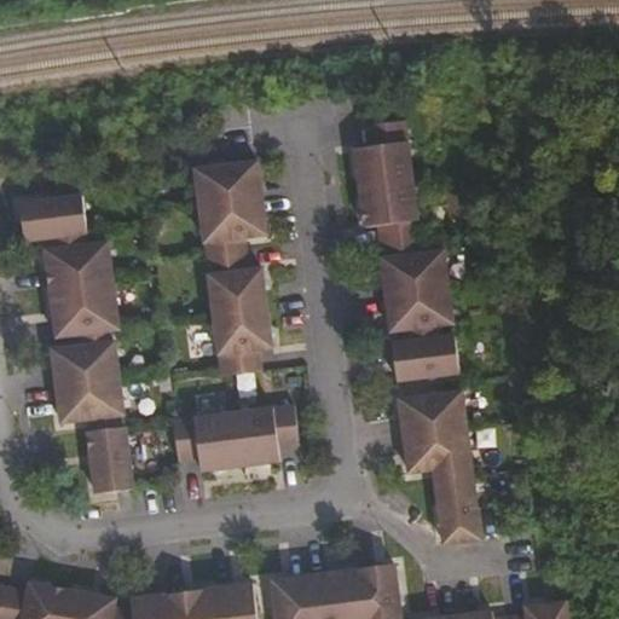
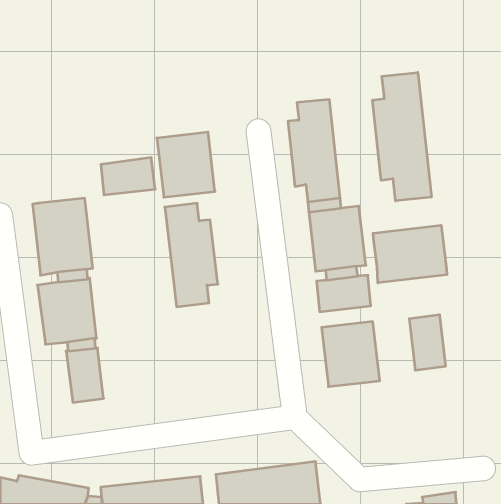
building: none -> [373,72,431,201]
building: [19,195,86,241] -> [101,158,155,195]
building: none -> [373,225,447,283]
building: [170,406,296,472] -> none
building: [433,479,478,546] -> [409,315,446,370]

